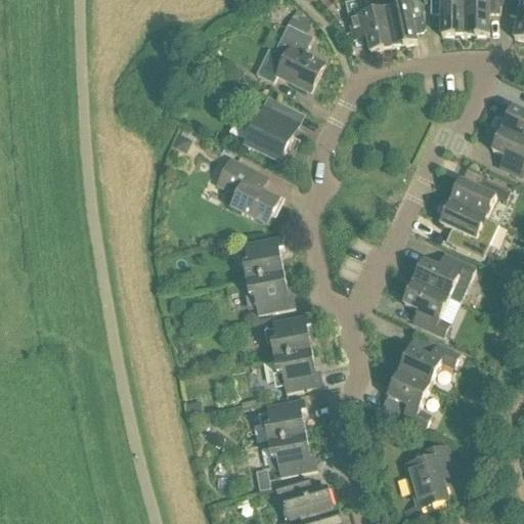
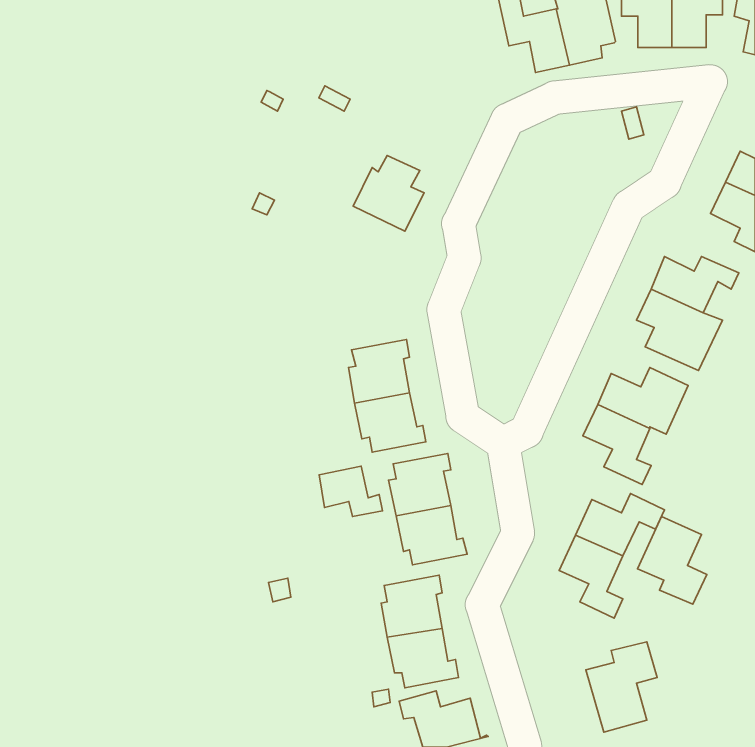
building: [256,21,323,89] -> none
building: [217,157,278,222] -> none
building: none -> [319,466,382,517]
building: none -> [638,517,707,604]

